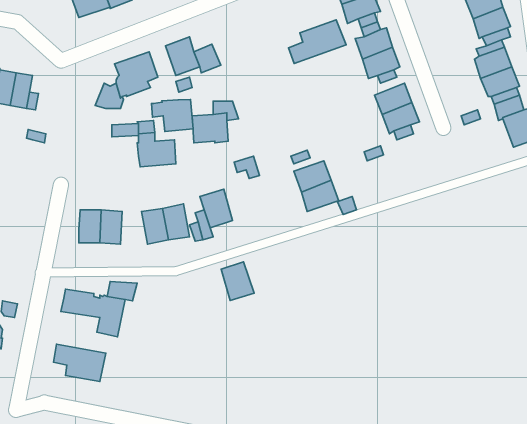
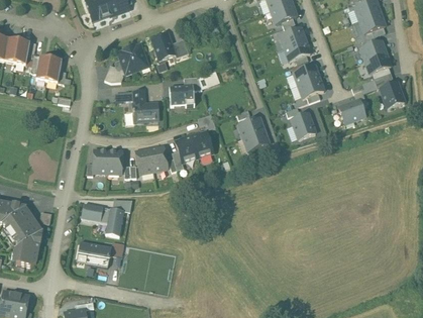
building: [289,20,346,64] -> none
building: [152,99,193,132] -> none
building: none -> [337,100,363,124]
building: none -> [290,113,314,139]
building: [221,262,254,301] -> [190,131,212,157]

